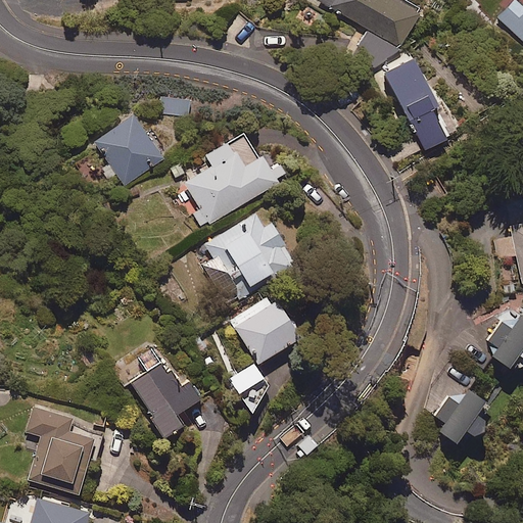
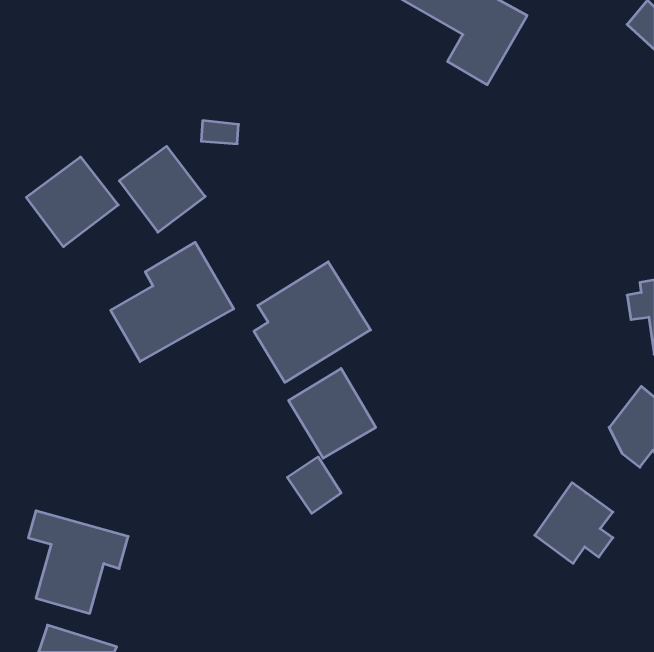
building: [385,53,451,148] -> none
building: none -> [26,157,118,247]
building: [179,131,277,226] -> [111,242,234,362]
building: [118,344,202,440] -> none

